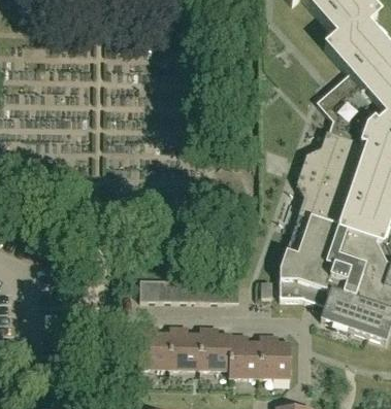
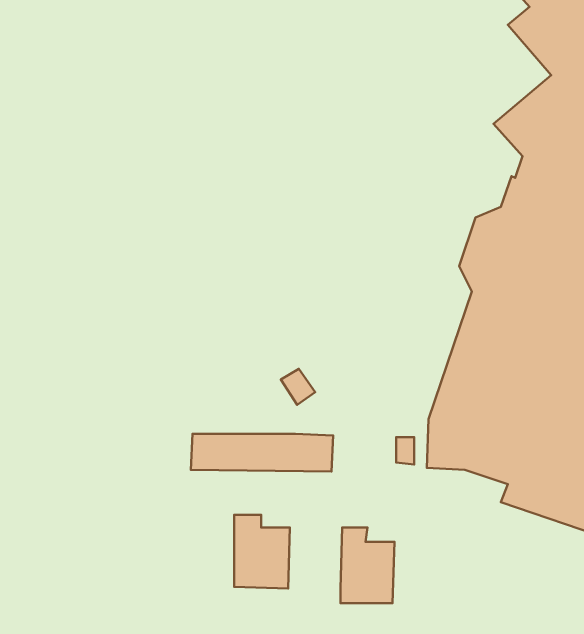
building: [142,325,172,366] -> none
building: [203,325,234,367] -> none
building: [263,333,295,376] -> none

